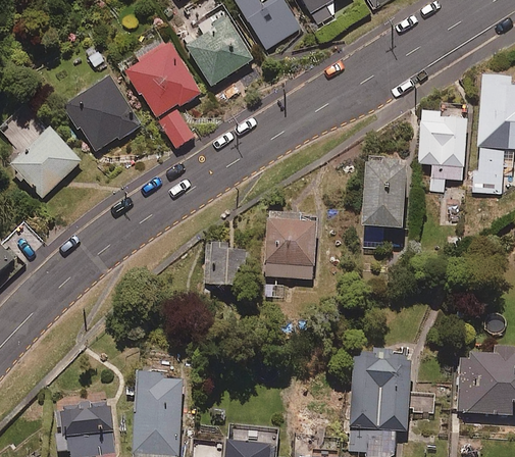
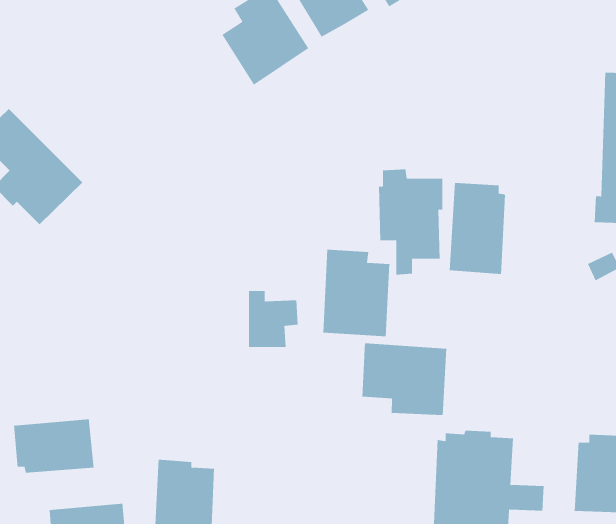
building: [125,44,201,148] -> none
building: [62,75,141,151] -> none
building: [417,109,467,191] -> [378,169,443,275]
building: none -> [362,343,447,416]
building: none -> [14,418,94,474]

